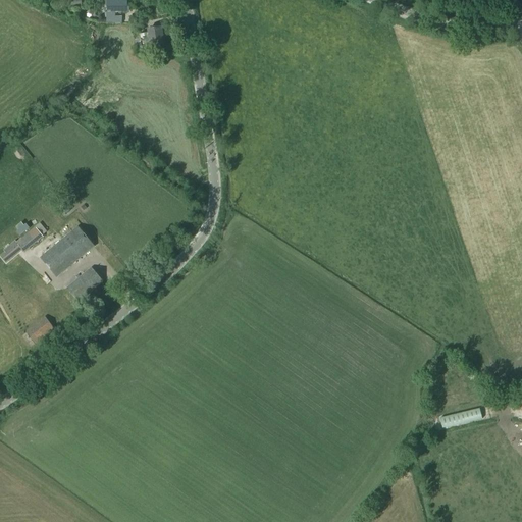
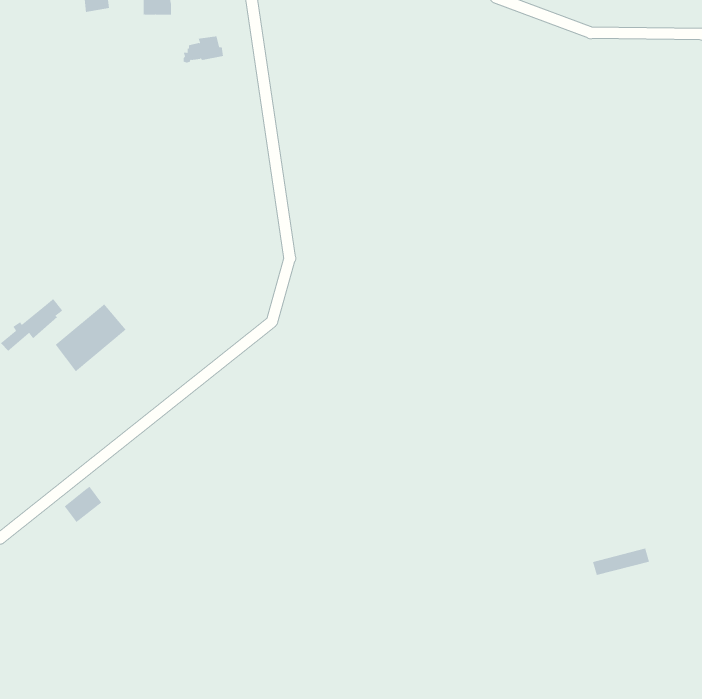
building: [66,266,103,301] -> none
building: [25,315,54,343] -> [64,486,102,523]

